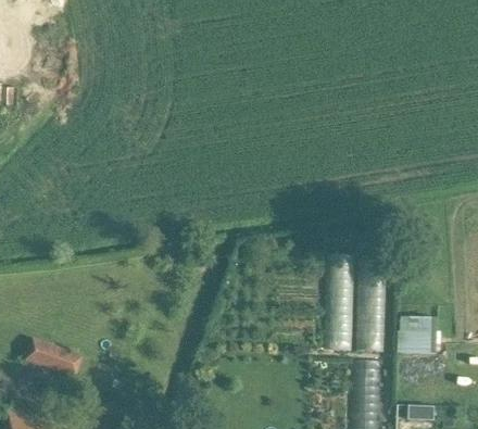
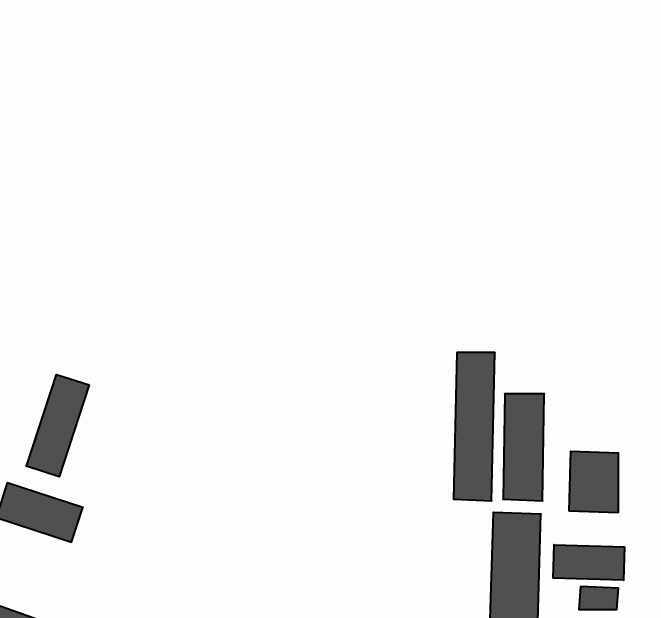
building: none -> [26,375,89,477]
building: none -> [553,545,624,580]

